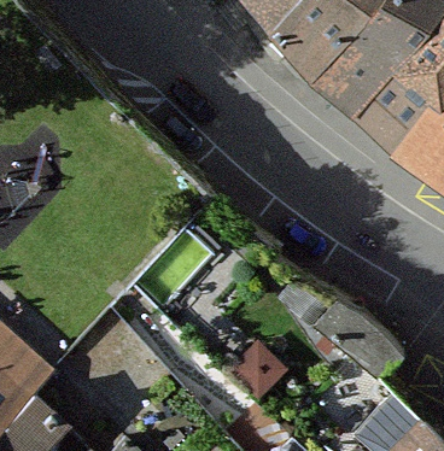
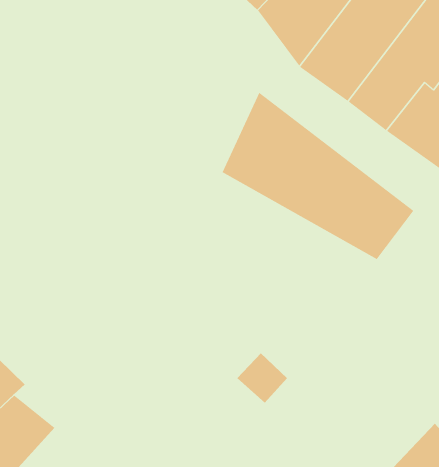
building: none -> [222,92,414,260]

